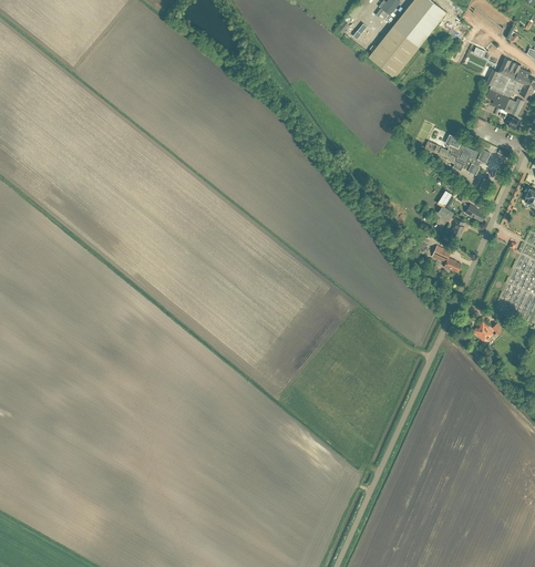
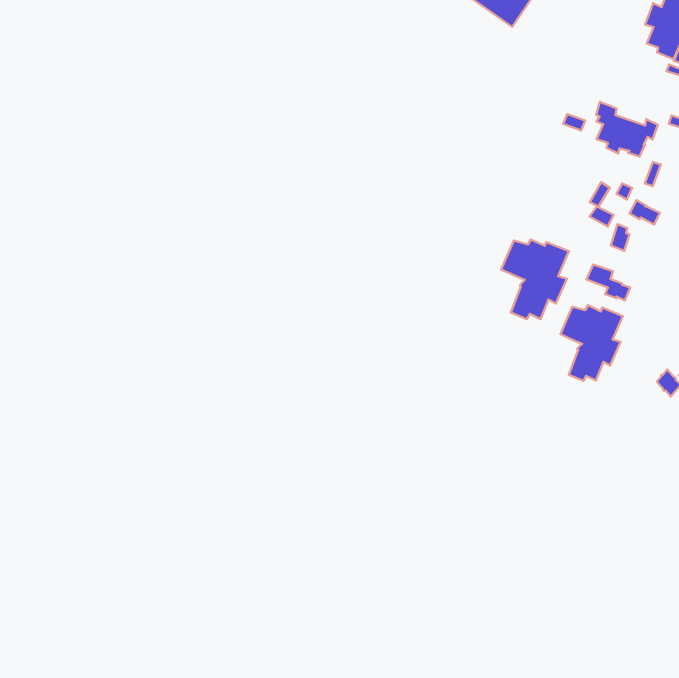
building: none -> [501,239,569,319]
building: none -> [561,305,623,381]

